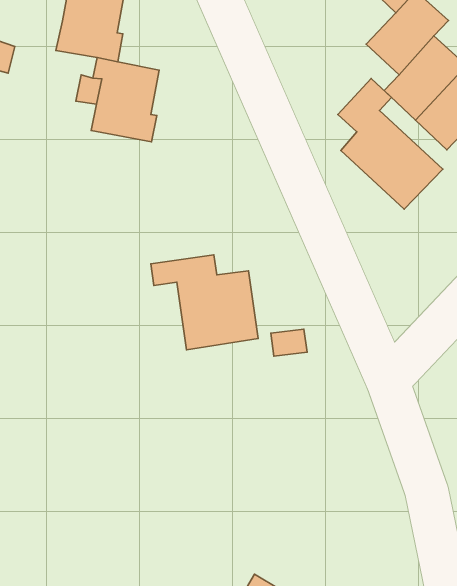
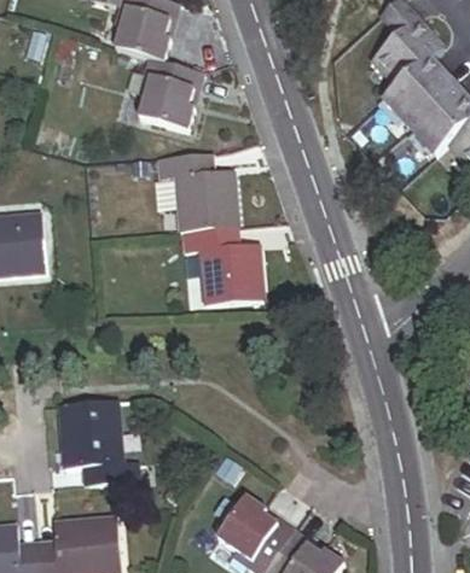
building: [338,79,443,209] -> none
building: none -> [156,154,238,232]
building: none -> [58,400,139,486]

